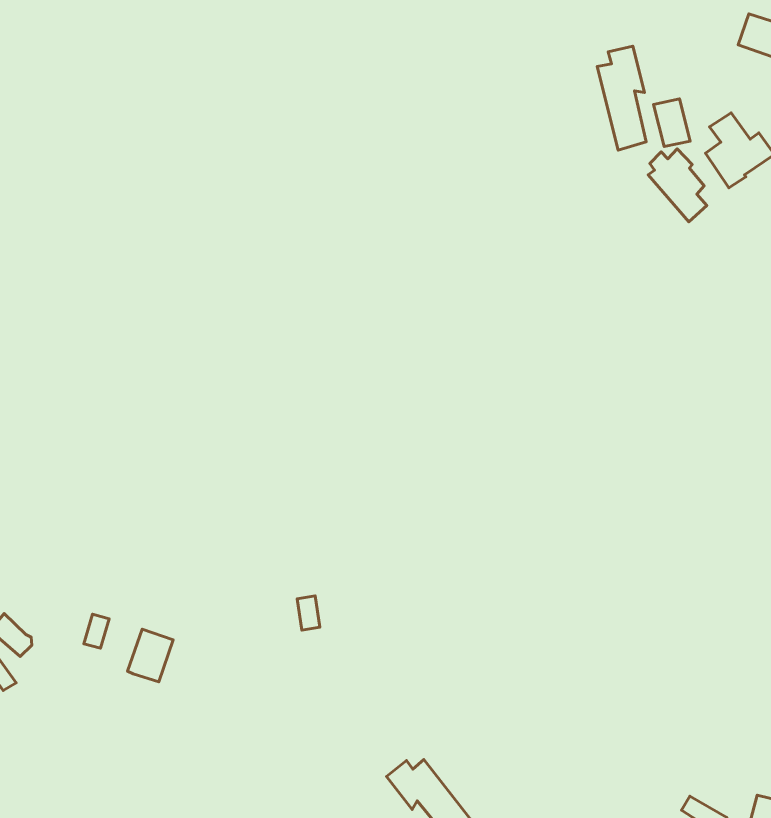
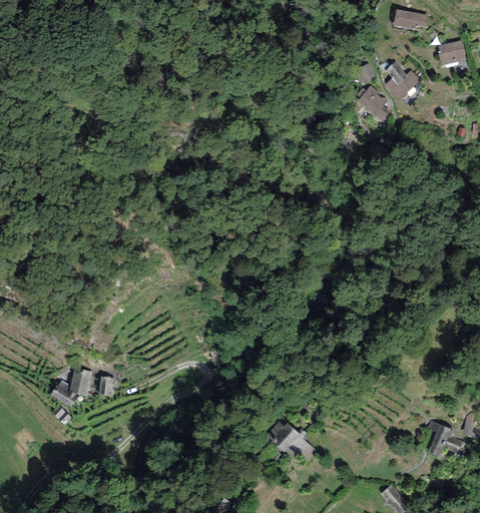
building: [597,46,646,150] -> none
building: [128,629,173,682] -> [71,369,92,395]

